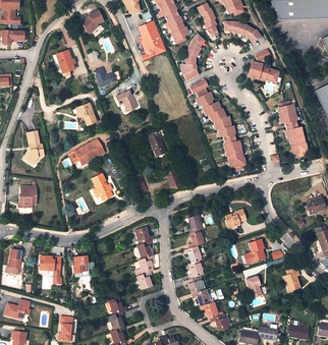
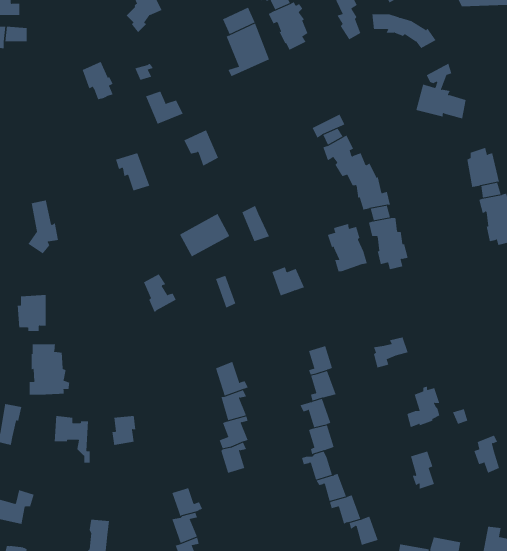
building: [181,36,205,81] -> none
building: [74,138,104,164] -> [179,213,230,257]
building: none -> [327,223,367,272]
building: none -> [29,344,70,396]

